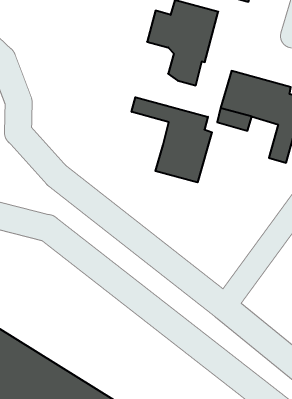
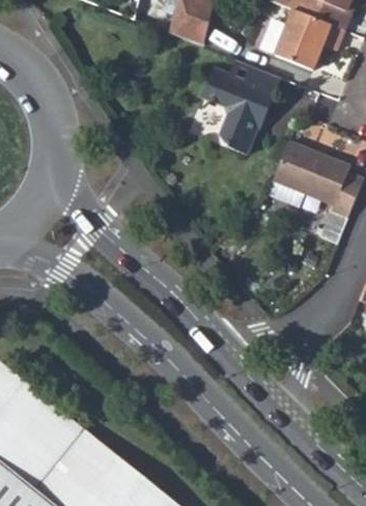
building: [132,97,212,182] -> none

